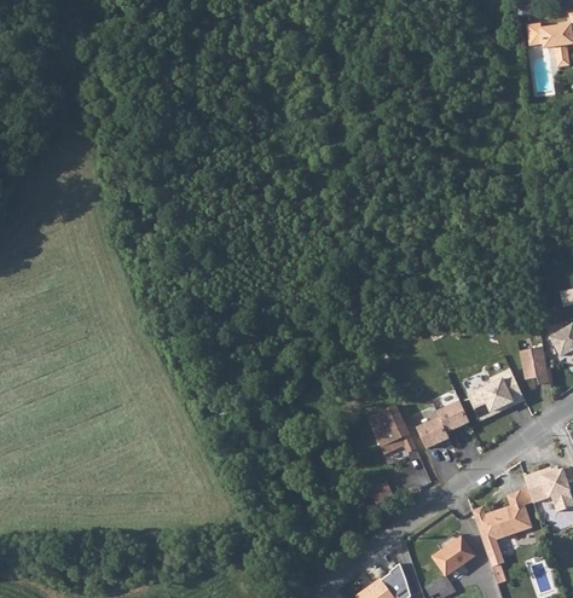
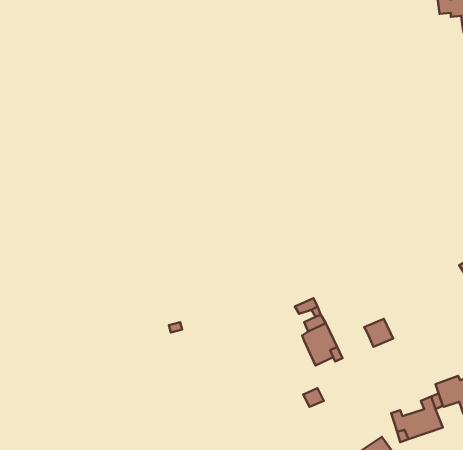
building: [520,347,551,385] -> none
building: [469,370,526,420] -> none
building: [421,414,455,447] -> none

